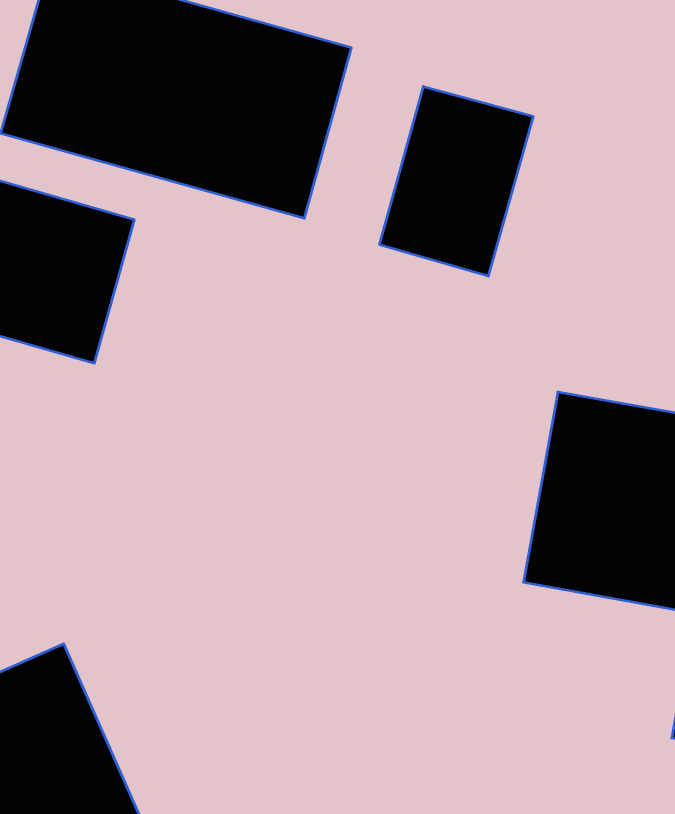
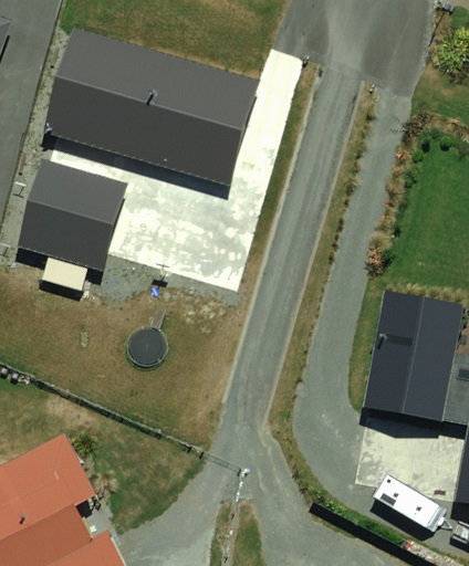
building: [380,86,533,276] -> none

